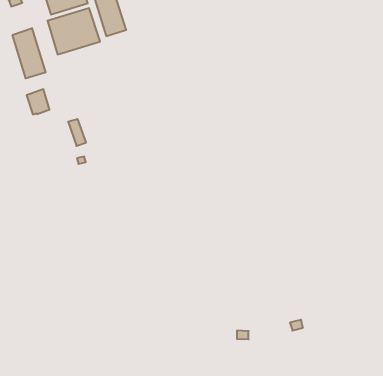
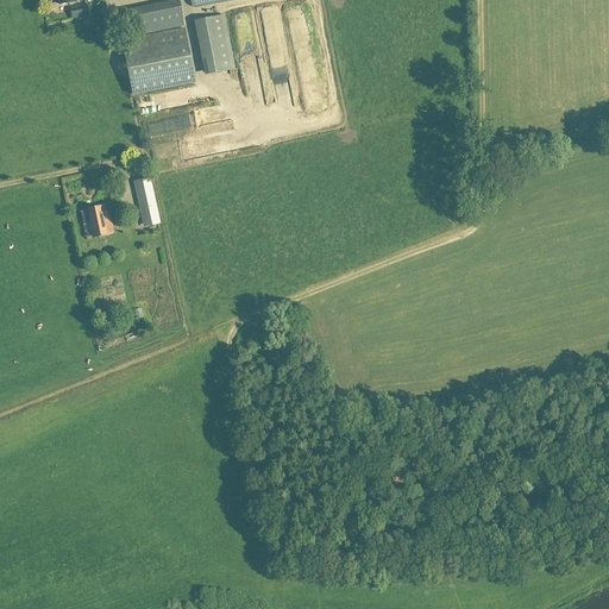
building: [13,28,46,78] -> none
building: [27,89,50,114] -> [82,203,113,238]

